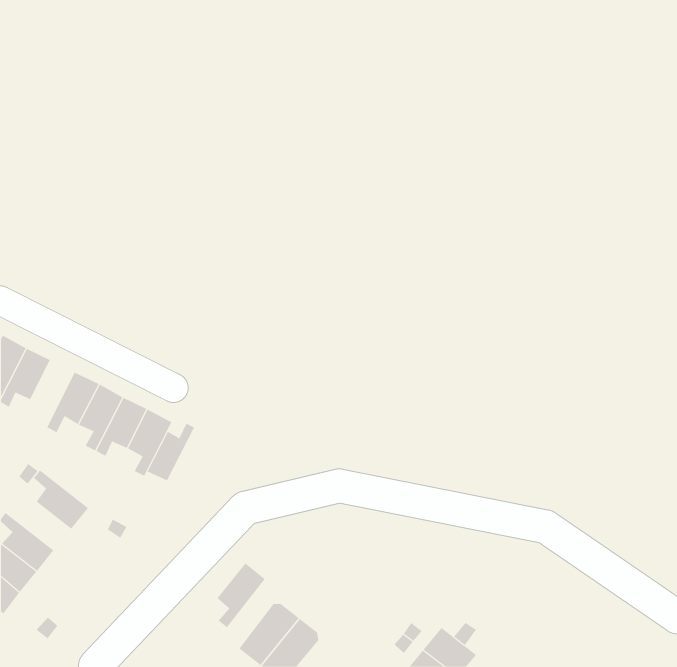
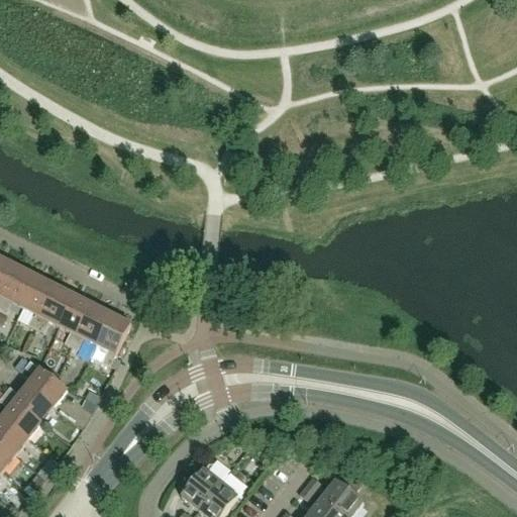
building: none -> [23,275,57,326]
building: [147,423,195,481] -> none
building: none -> [4,383,55,420]
building: [217,563,266,628] -> none

